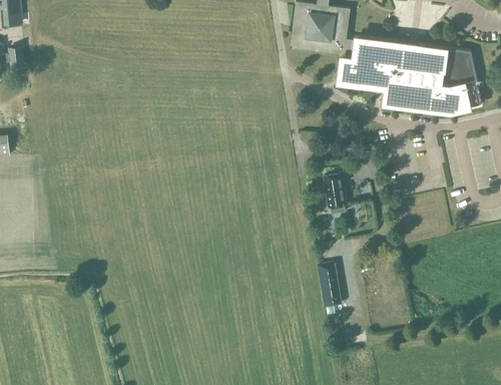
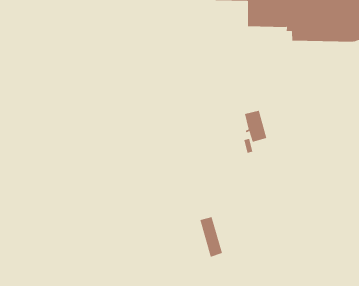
building: [319,263,340,307] -> [199,216,223,257]

